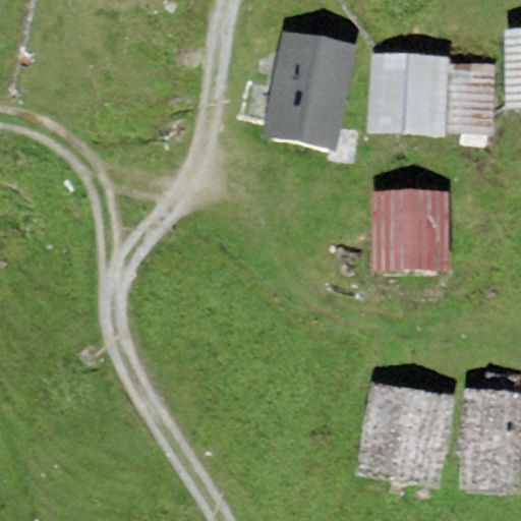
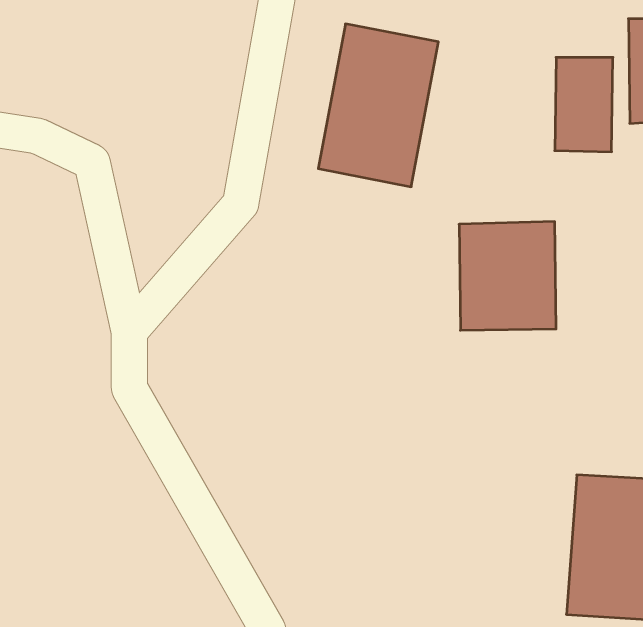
building: [368,51,449,139] -> none
building: [356,379,456,491] -> none

